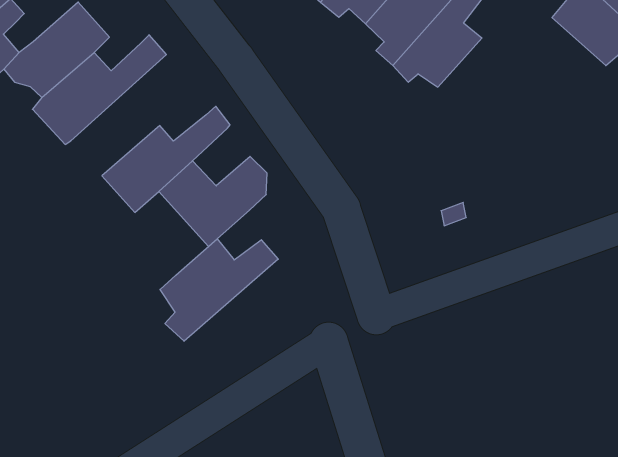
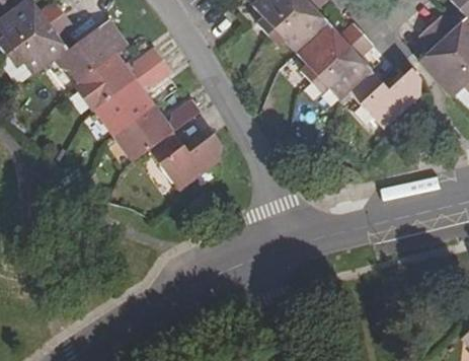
building: none -> [349,68,422,128]
building: none -> [94,59,172,135]
building: [160,239,278,341] -> none

